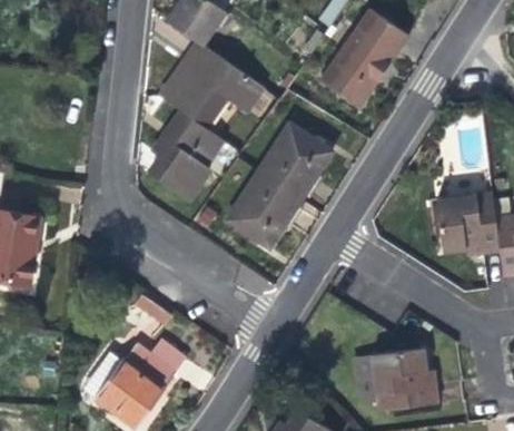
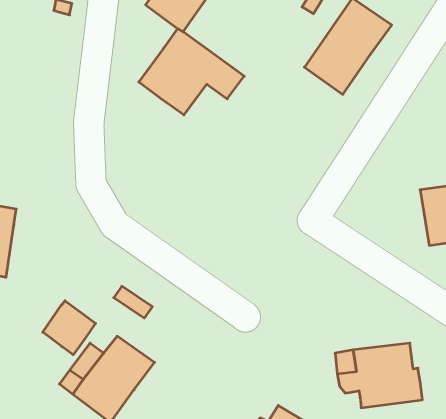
building: [149,110,221,199] -> none
building: [227,125,333,246] -> none
building: none -> [43,301,96,355]

